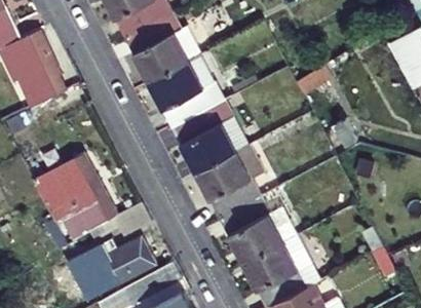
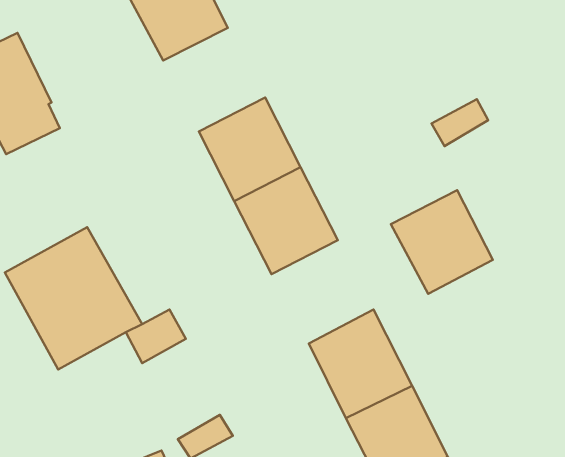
building: [128,21,193,86] -> none
building: [197,155,262,221] -> [391,190,493,294]
building: [74,240,152,287] -> none

